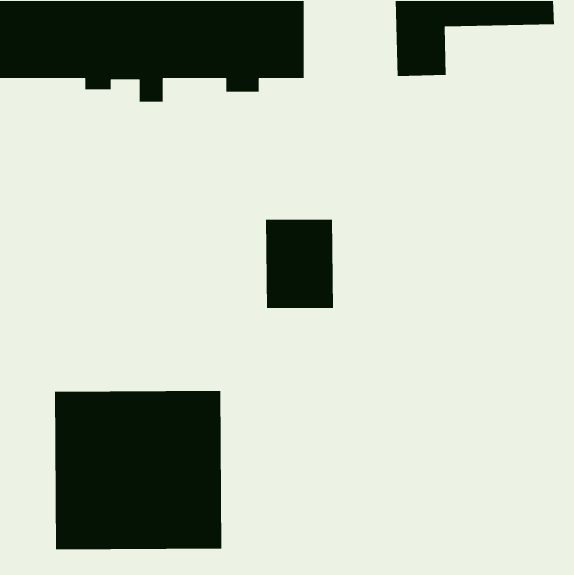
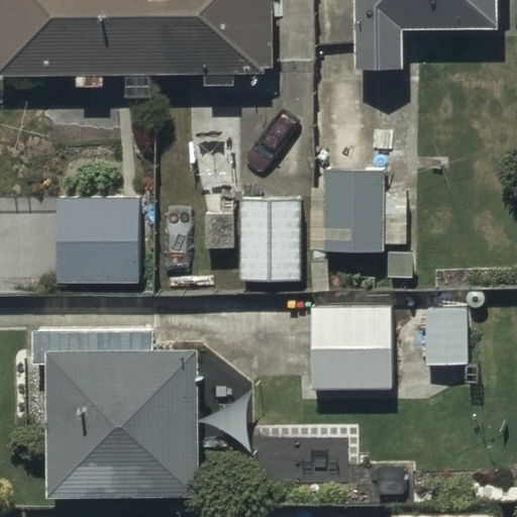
building: none -> [323,161,404,250]
building: none -> [54,195,134,284]
building: none -> [308,306,464,388]

